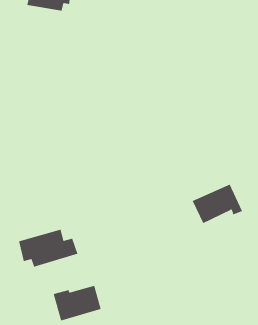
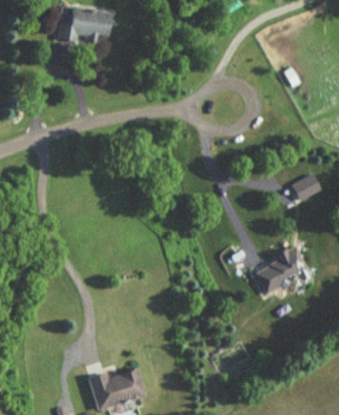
building: none -> [291,173,322,201]
building: [18,229,78,267] -> none

